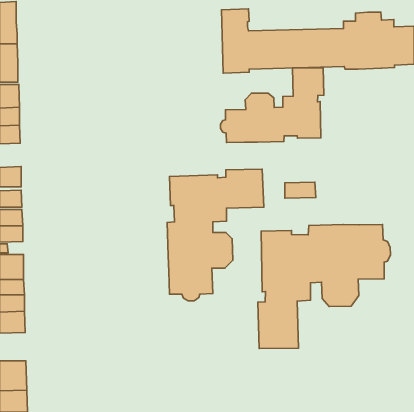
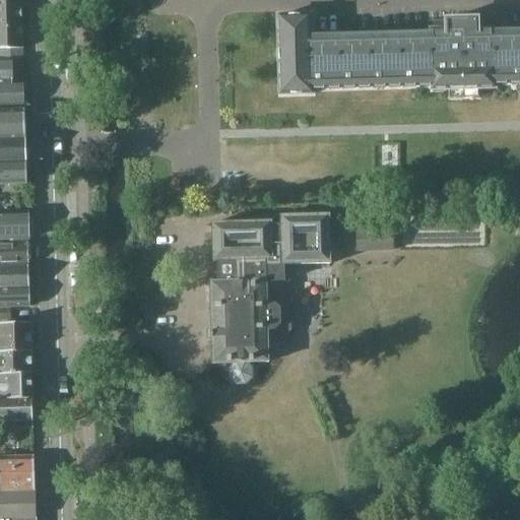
building: [220,68,324,142] -> none
building: [258,224,391,348] -> none

